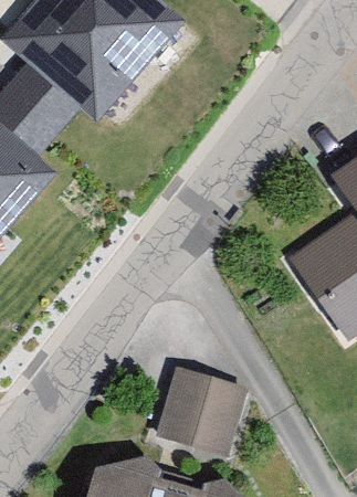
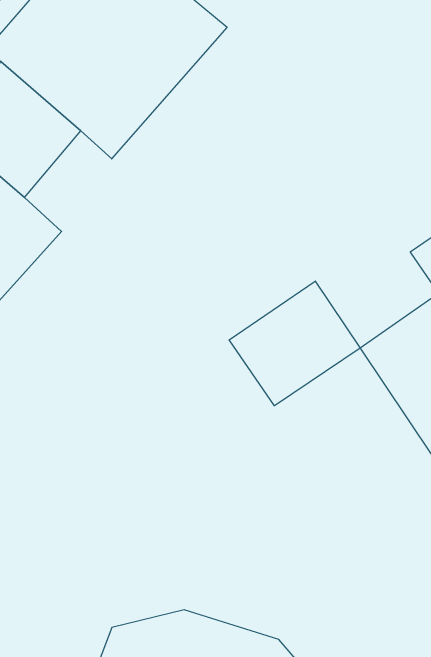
building: none -> [229,281,360,406]
building: [147,366,240,456] -> none

